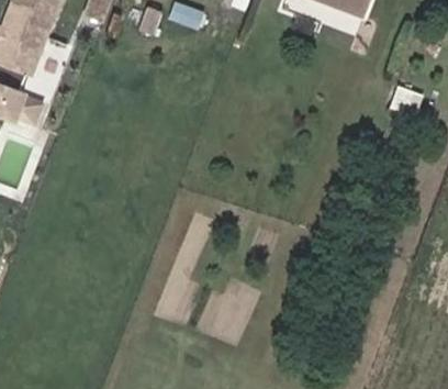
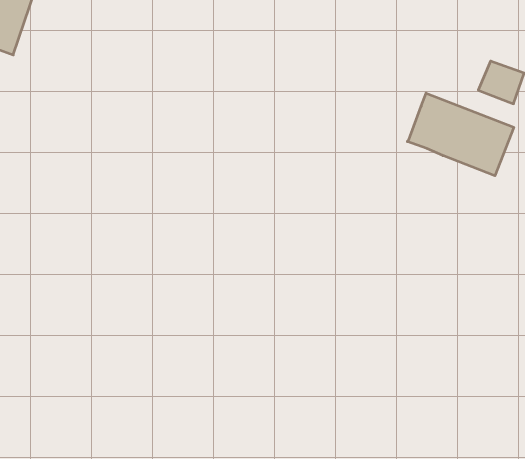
building: none -> [407,93,514,176]

